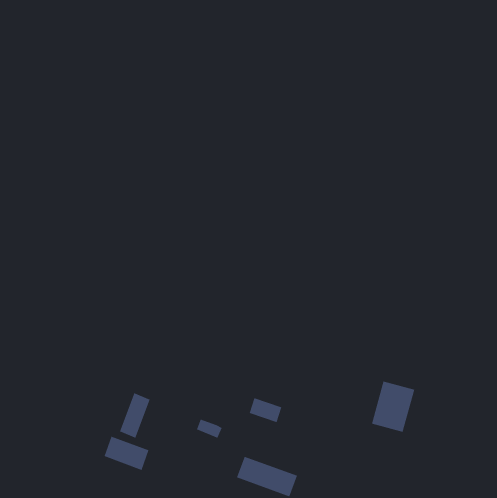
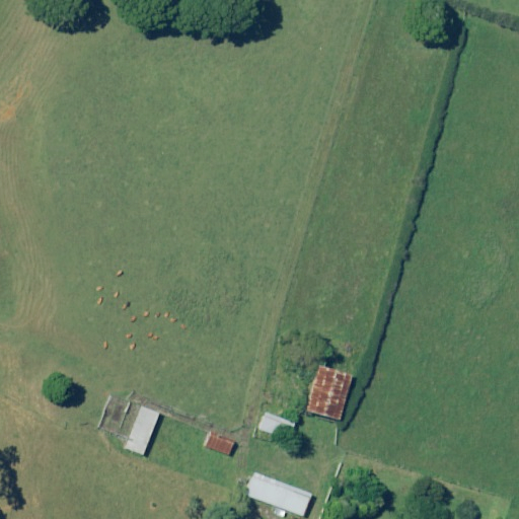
building: [371,381,415,432] -> [305,366,351,420]
building: [104,436,149,471] -> none

